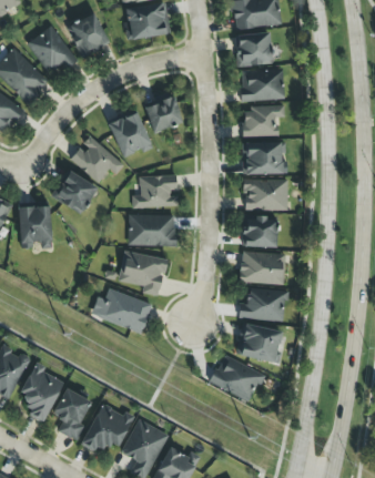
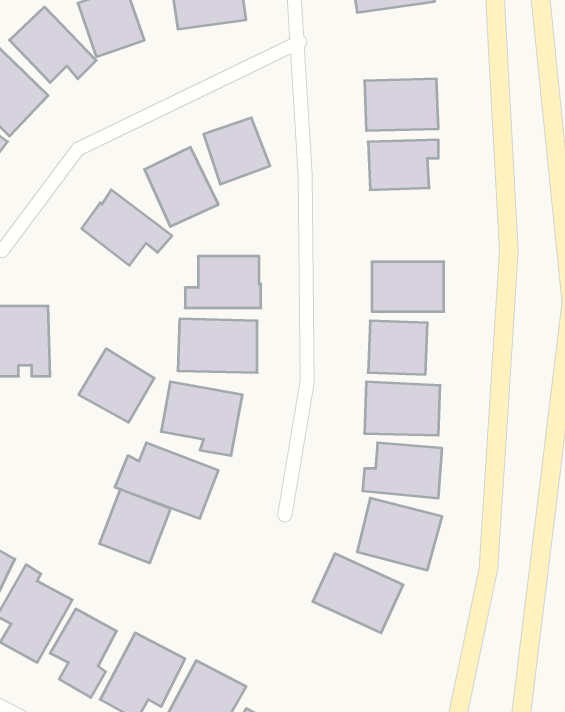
building: [234,32,272,68] -> none
building: [242,142,286,175] -> none
building: [51,170,97,214] -> [79,349,154,422]
building: none -> [100,489,171,563]

